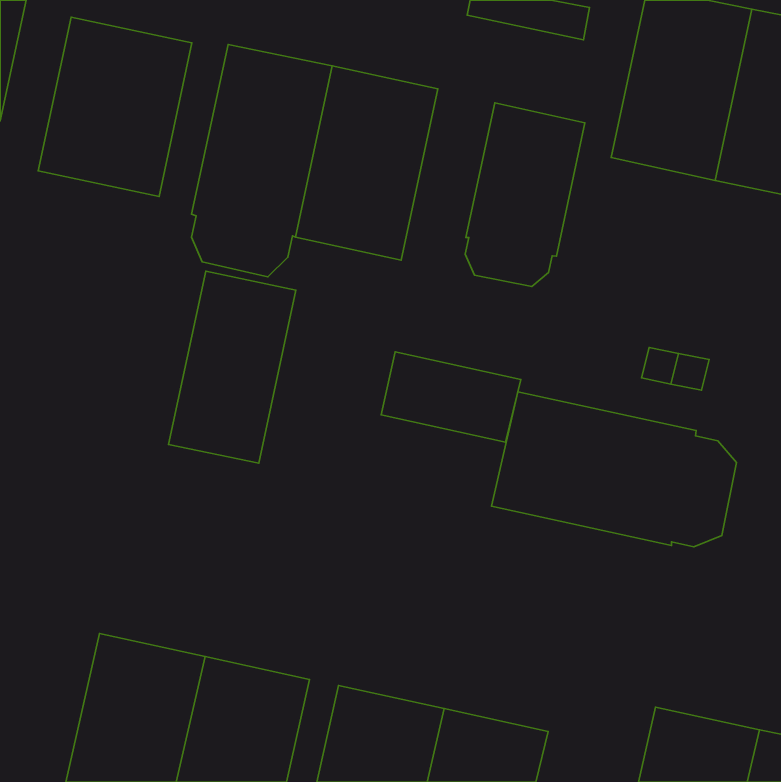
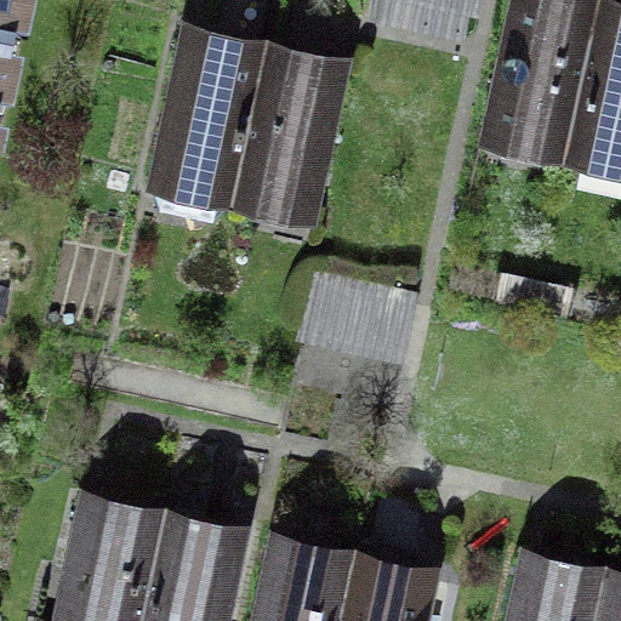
building: [38,17,192,197] -> none
building: [465,103,585,286] -> none
building: [169,271,296,463] -> none
building: [492,392,737,547] -> none

